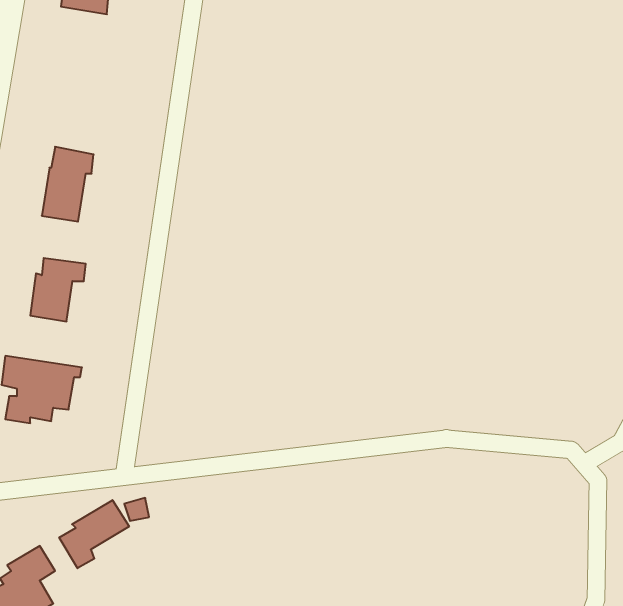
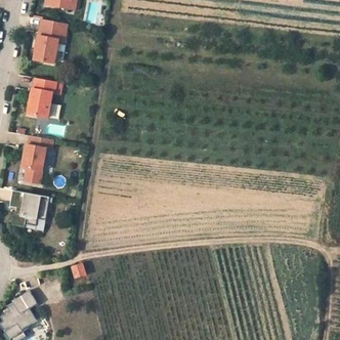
building: none -> [35,22,68,66]
building: [59,500,129,568] -> none

